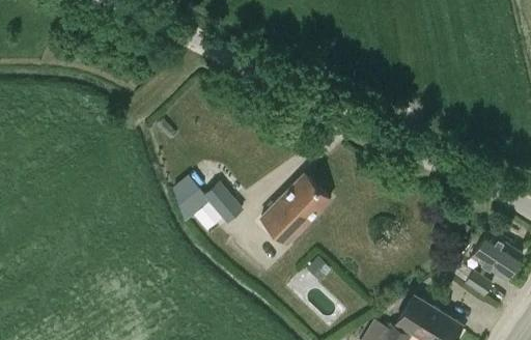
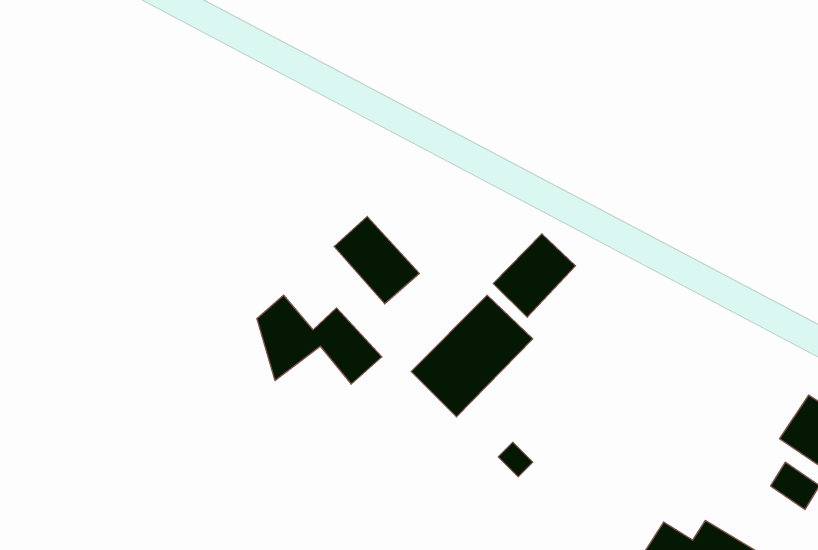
building: none -> [334,216,419,304]
building: none -> [493,234,576,317]

